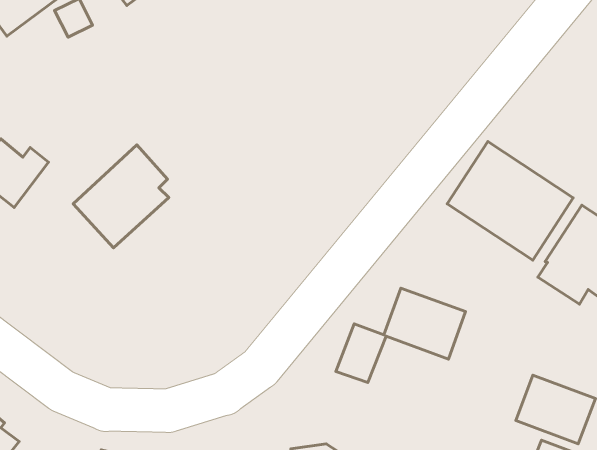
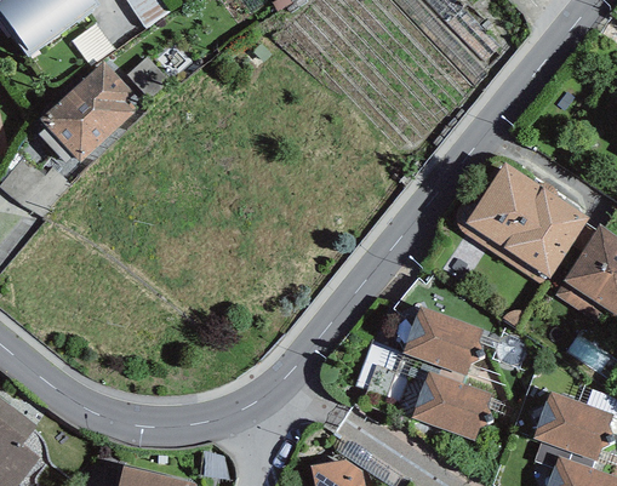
building: [73,145,169,248] -> [39,61,133,162]
building: none -> [410,372,490,441]

